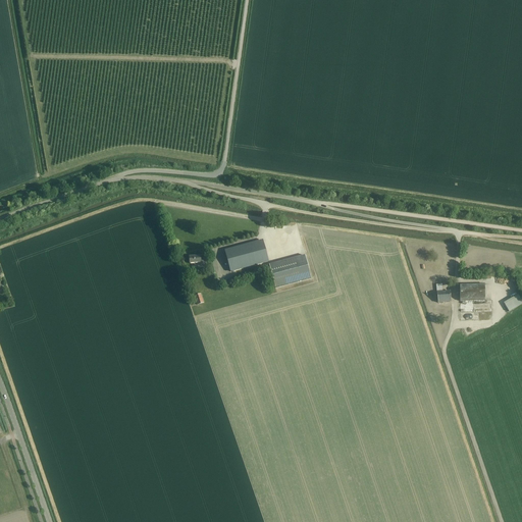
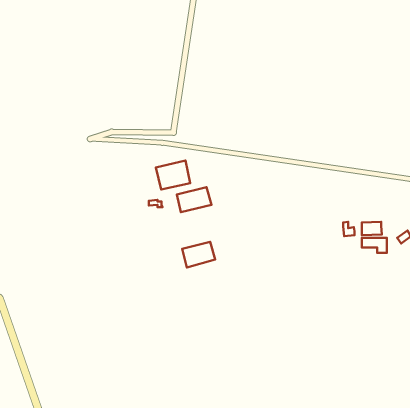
building: none -> [156,161,190,190]
building: [268,253,310,285] -> [182,242,215,267]

